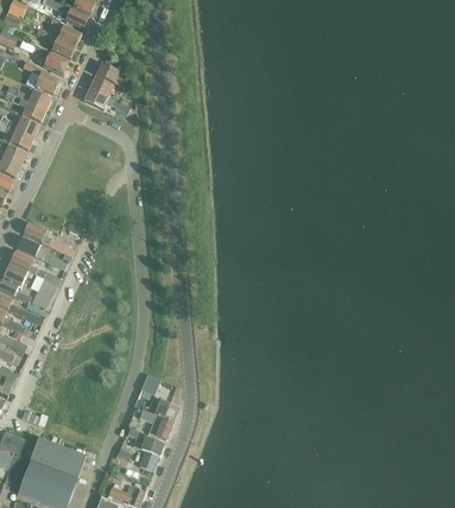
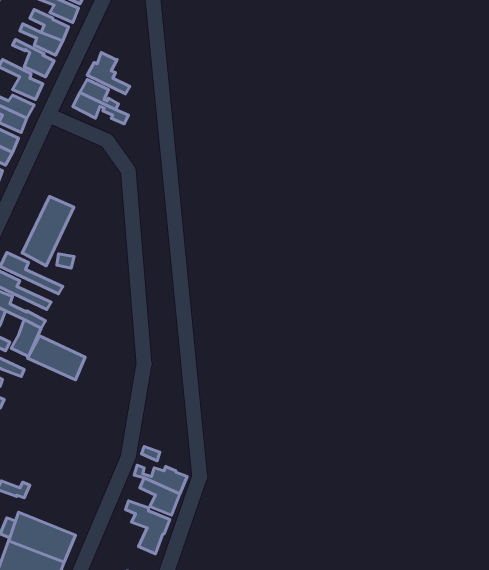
building: none -> [22,196,74,266]
building: none -> [28,336,85,380]

